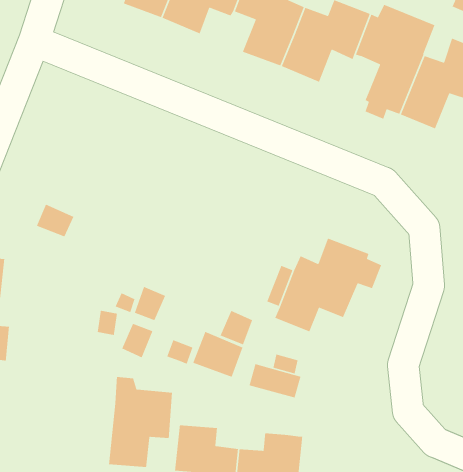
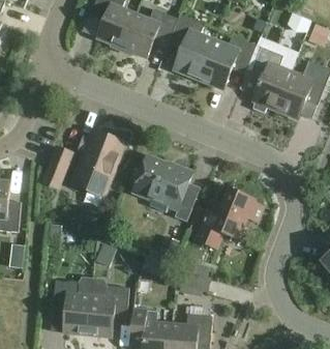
building: none -> [73,130,124,195]
building: none -> [132,155,192,221]
building: none -> [53,275,93,333]

